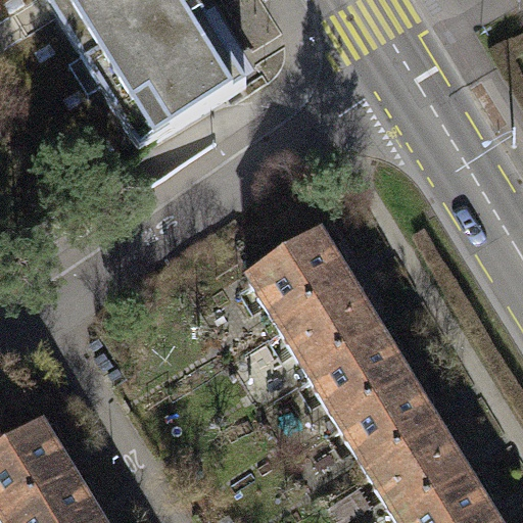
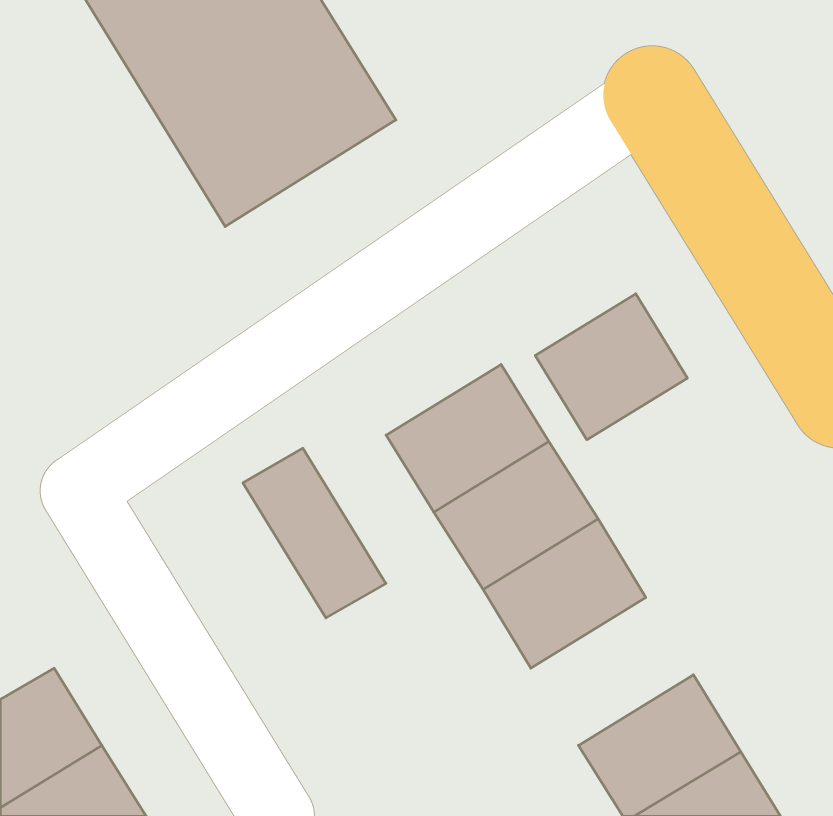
building: none -> [535,294,687,440]
building: none -> [243,448,386,618]
building: [334,372,435,464] -> none

